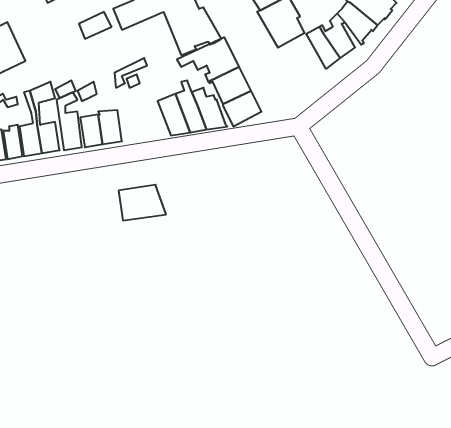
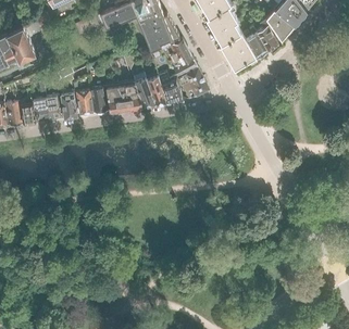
building: none -> [220,33,257,72]
building: [119,185,166,220] -> [107,86,141,112]

